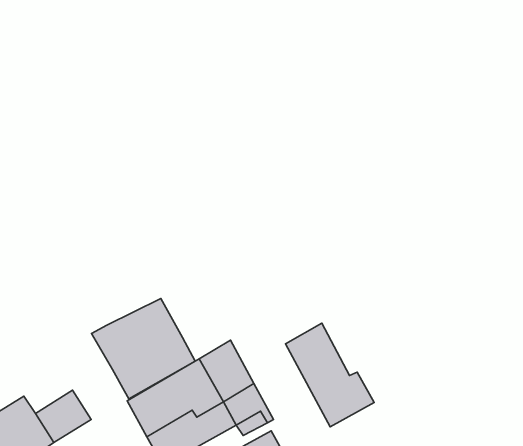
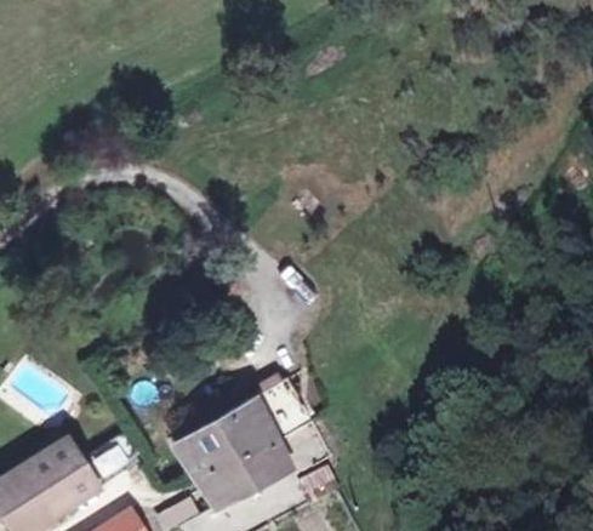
building: [92,299,195,399] -> none
building: [286,323,374,427] -> none

